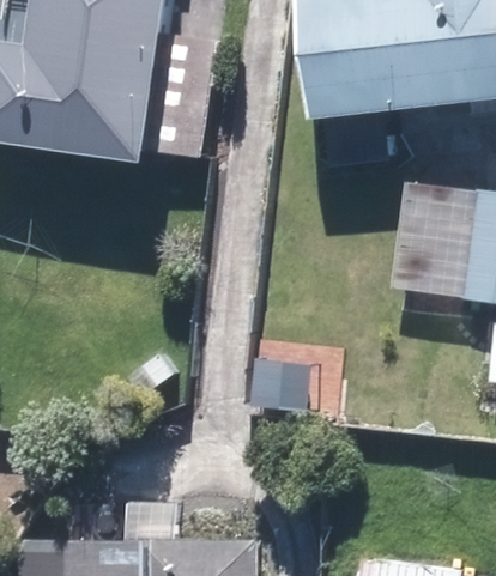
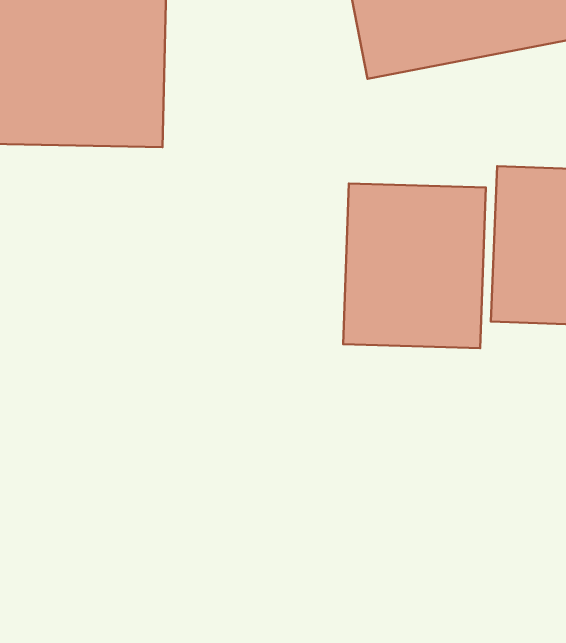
building: none -> [343,183,486,348]

